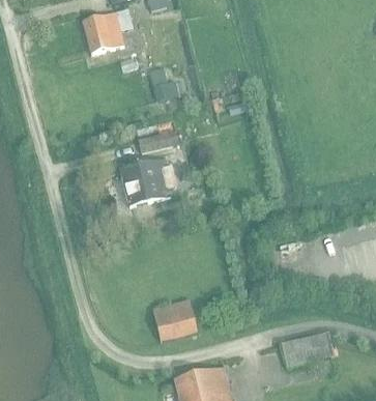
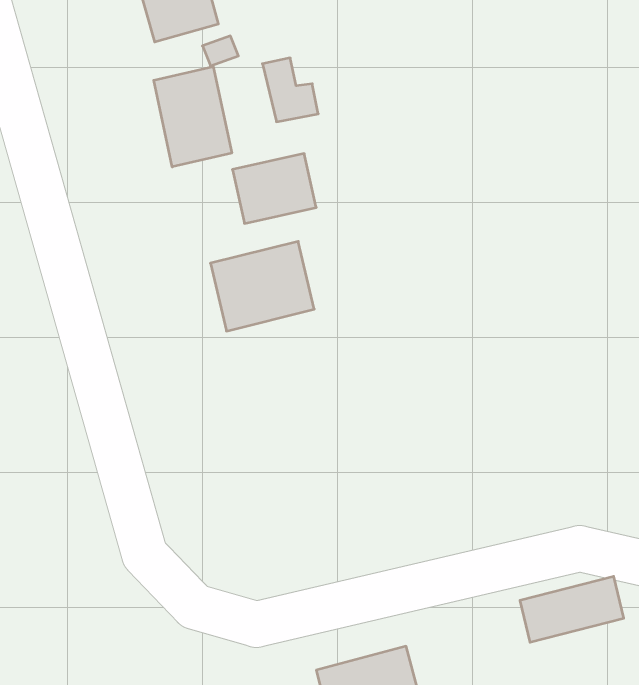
building: none -> [154,67,232,167]
building: [151,294,196,337] -> none

